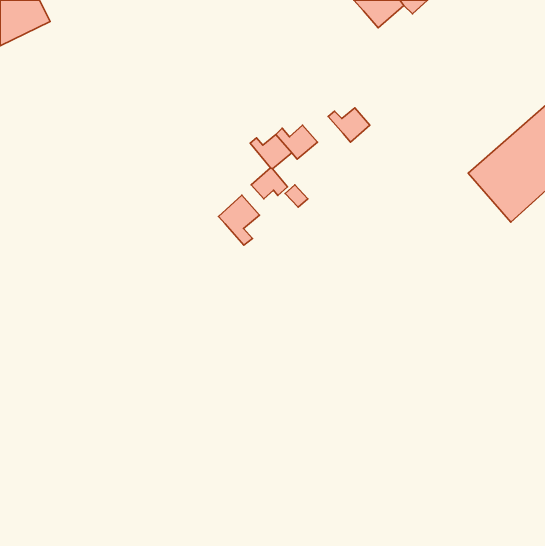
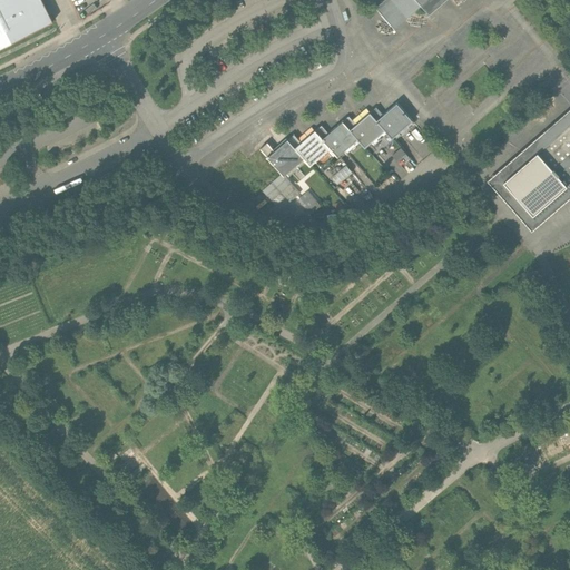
building: none -> [371,102,413,141]
building: none -> [316,121,358,159]
building: [218,195,259,245] -> none

